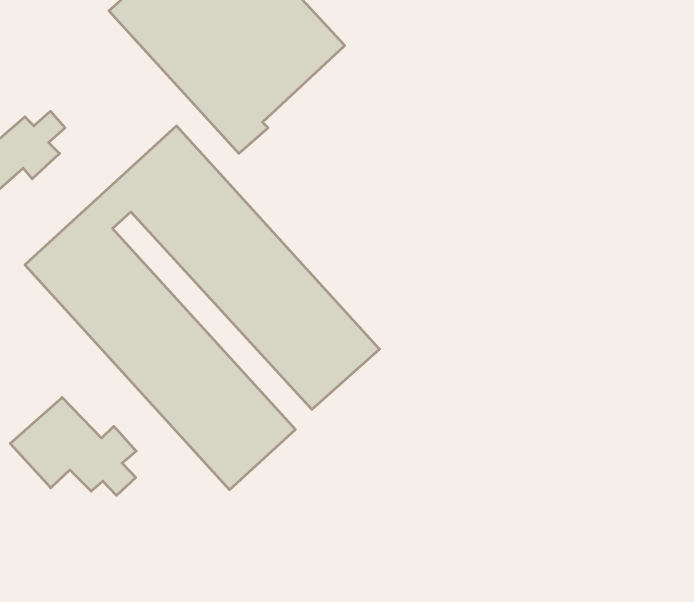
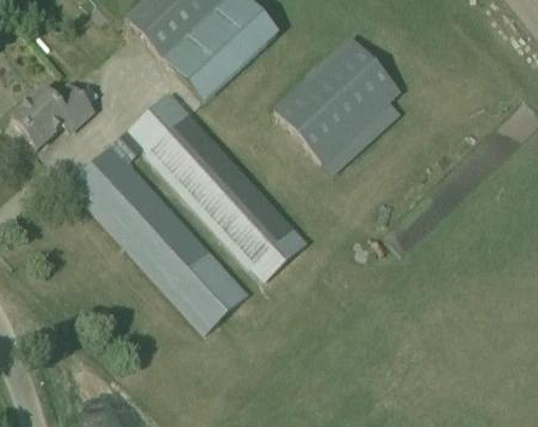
building: none -> [270,35,400,163]
building: [10,397,136,495] -> none

